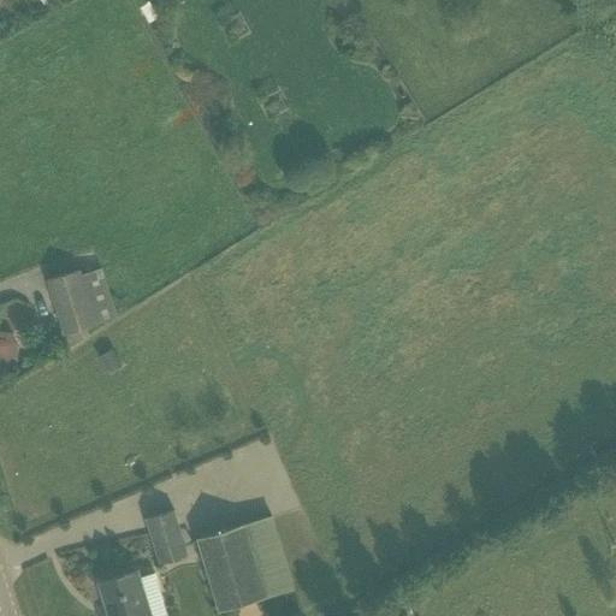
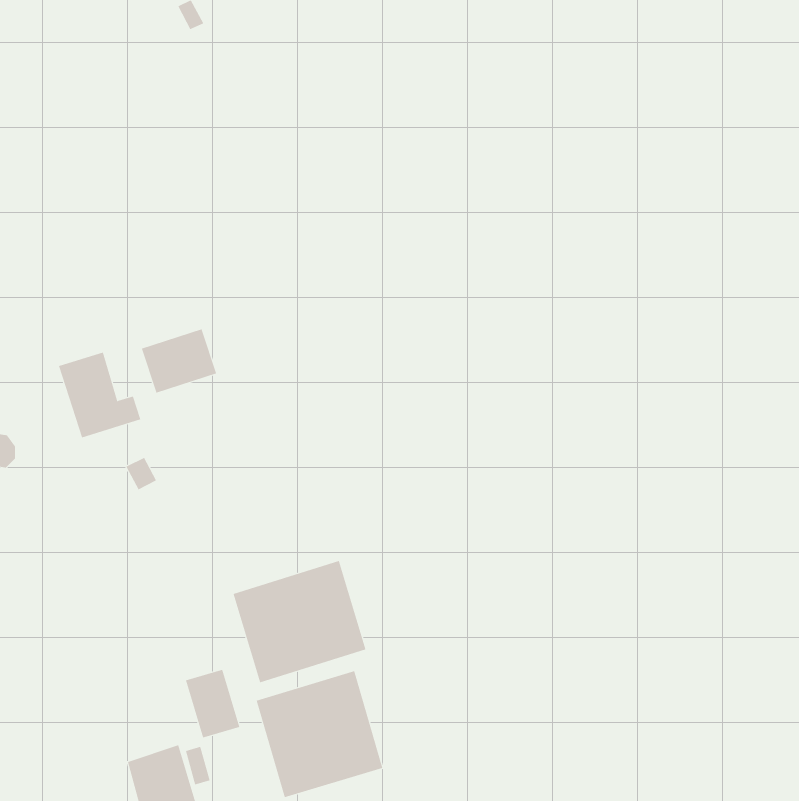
building: none -> [141,328,217,394]
building: none -> [233,560,366,683]

